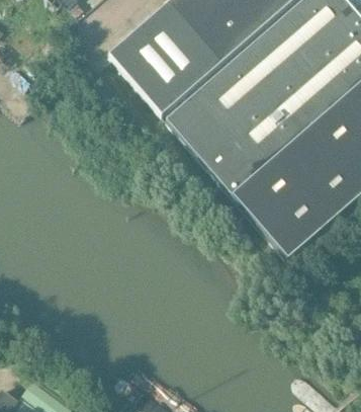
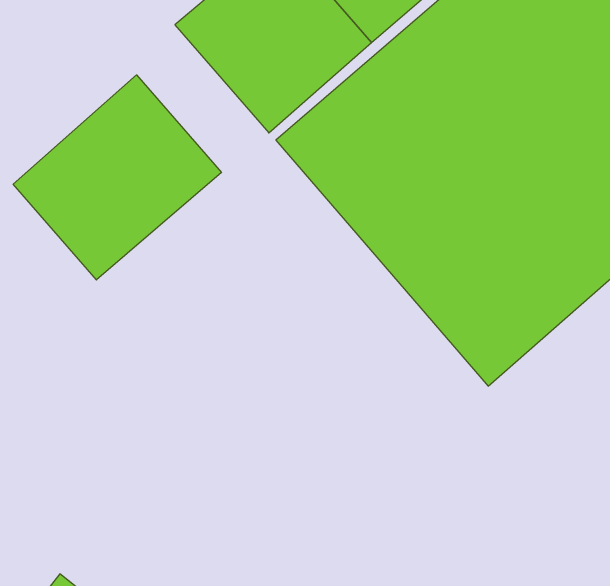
building: none -> [13,75,221,280]

